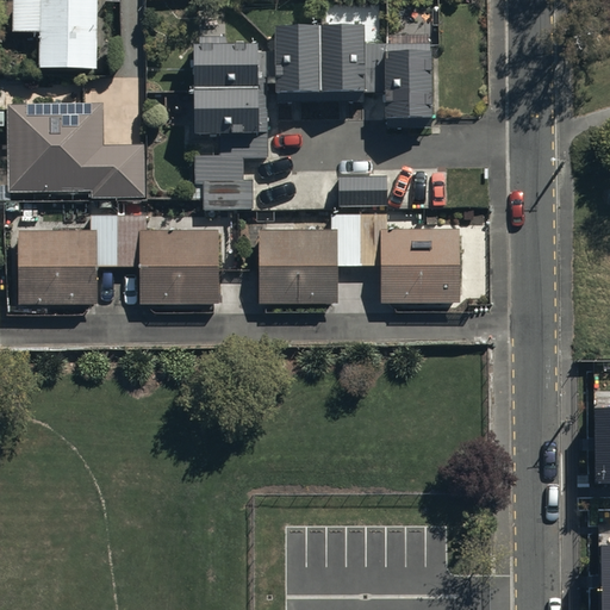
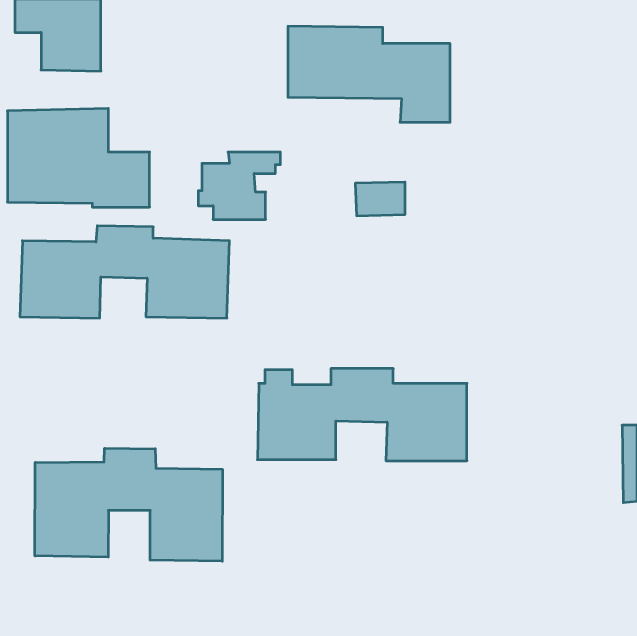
building: [194,36,266,136] -> none
building: [260,216,460,304] -> [257,369,467,461]
building: none -> [35,448,222,561]

